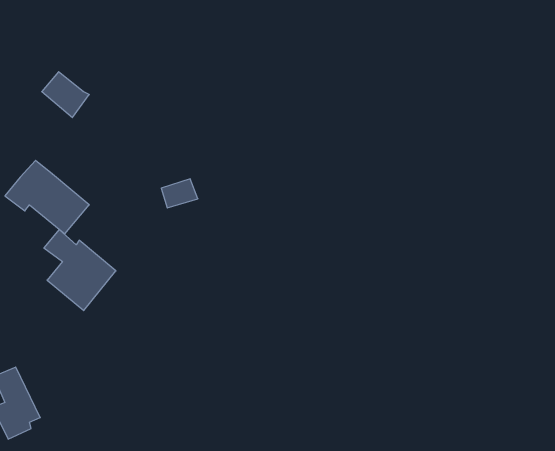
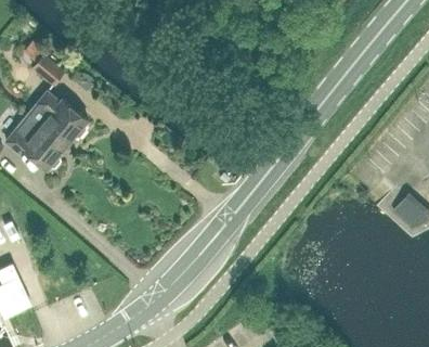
building: [44,230,116,311] -> [37,91,88,149]

